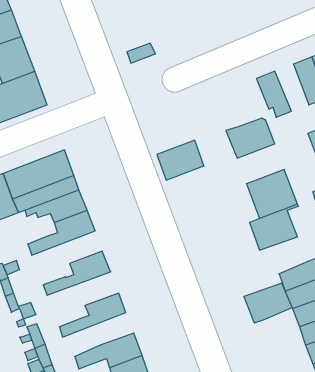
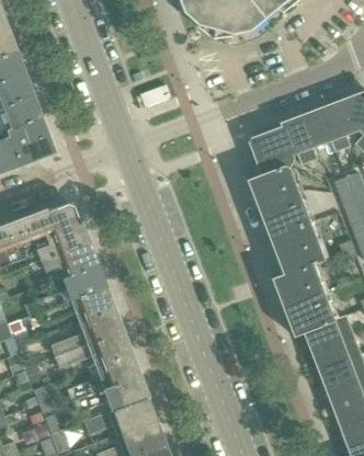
building: none -> [299,107,335,151]
building: none -> [249,126,293,174]
building: [157,140,204,180] -> [259,193,309,236]
building: none -> [38,286,114,323]
building: none -> [55,330,132,367]
building: [244,283,292,323] -> [283,293,334,335]
building: none -> [71,374,148,412]

